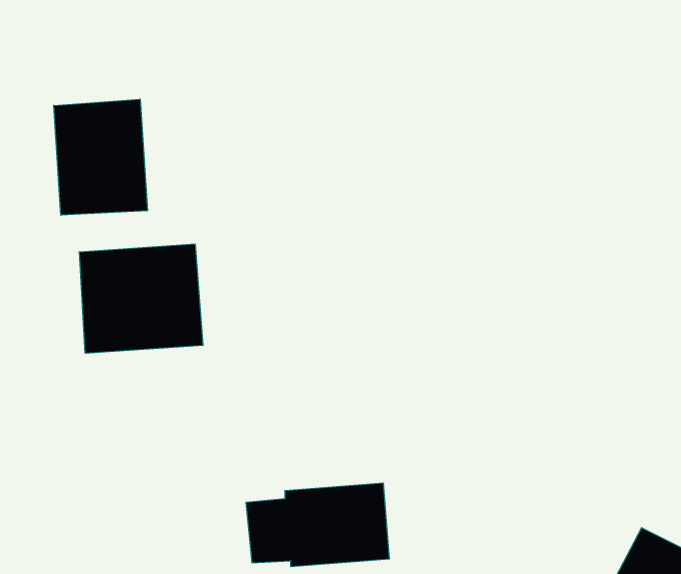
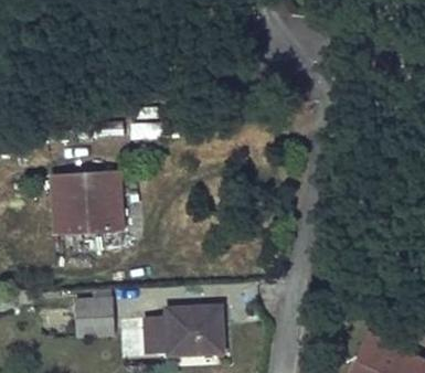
building: [54,99,147,215] -> none
building: none -> [76,301,115,340]

